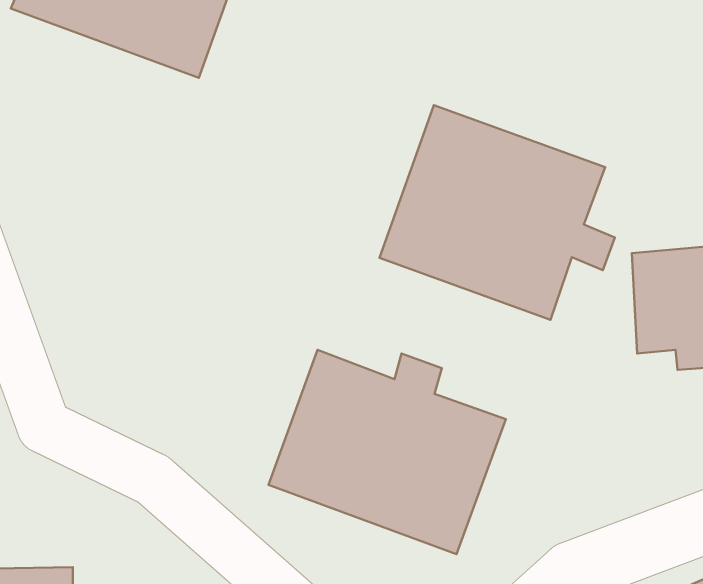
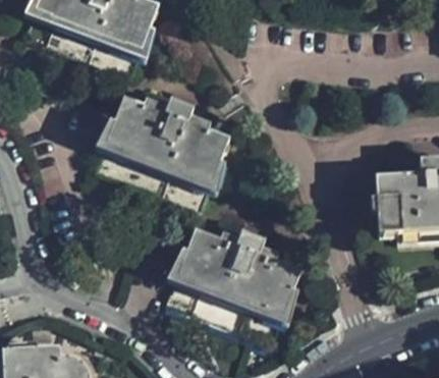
building: [379,105,615,320] -> none
building: none -> [99,94,230,206]

